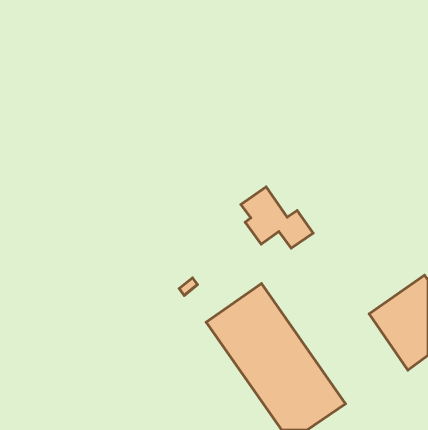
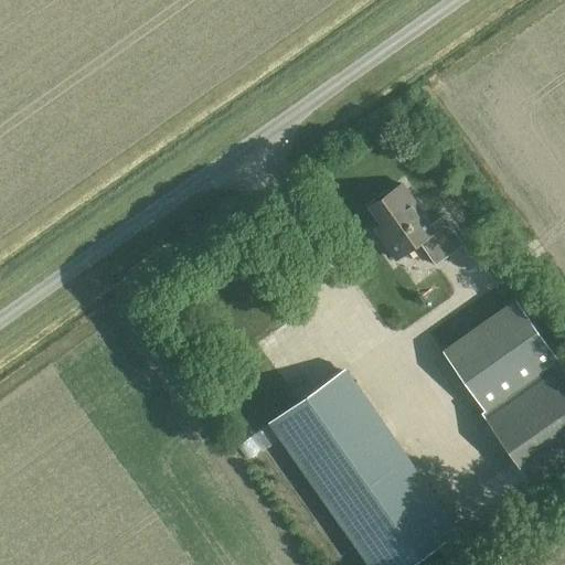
building: [241,187,313,248] -> [367,184,462,265]
building: none -> [441,299,557,412]

